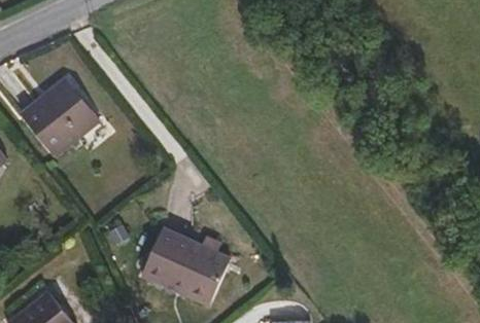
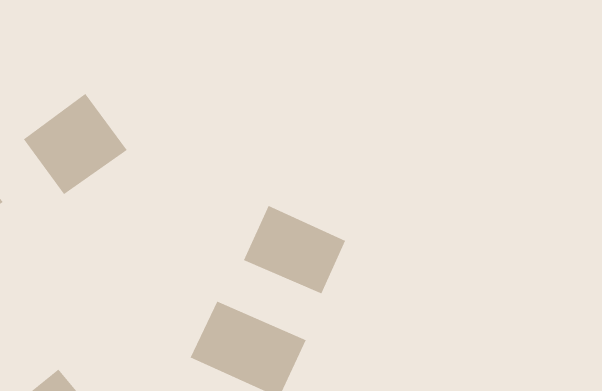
building: none -> [243,205,346,295]

